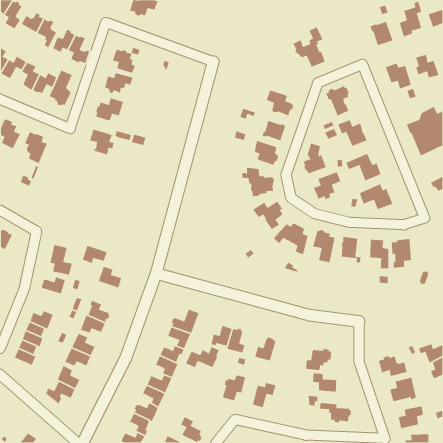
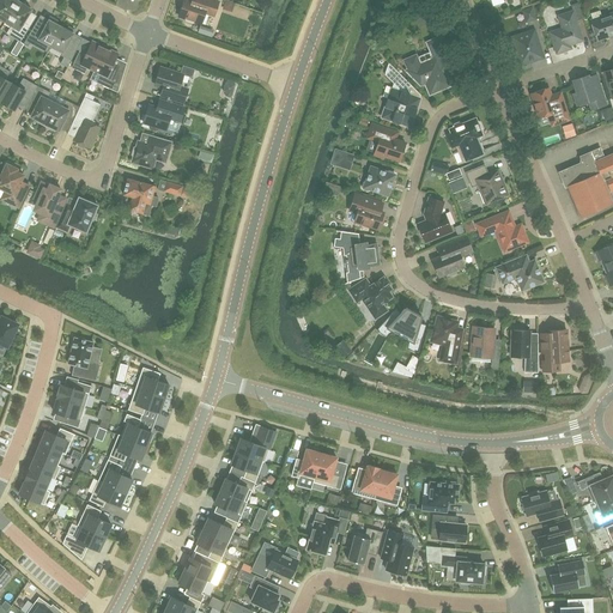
building: none -> [382,66,420,126]
building: none -> [56,196,98,231]
building: [82,245,108,264] -> [128,388,164,414]
building: none -> [53,397,85,426]
building: none -> [374,468,401,504]
building: [185,346,220,368] -> [251,546,299,576]
building: none -> [381,529,415,573]

